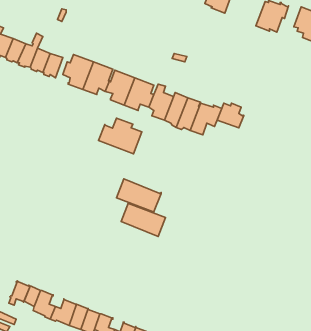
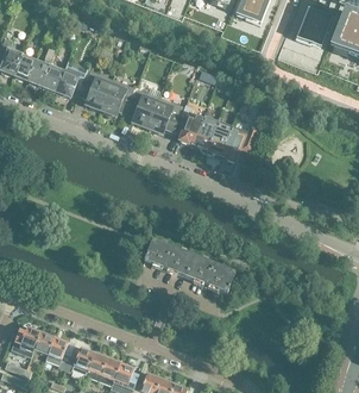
building: [217,103,244,128] -> none
building: [99,118,142,154] -> none
building: [117,179,161,213] -> [185,251,235,289]

